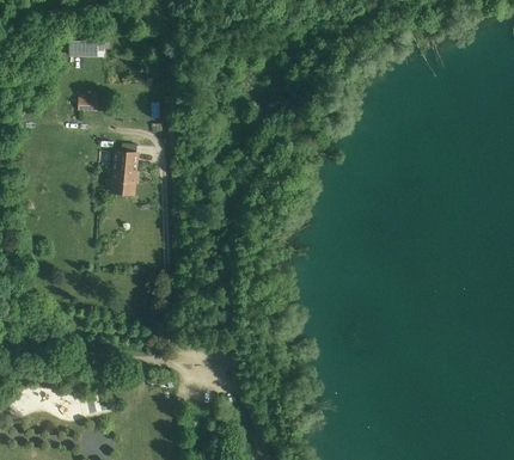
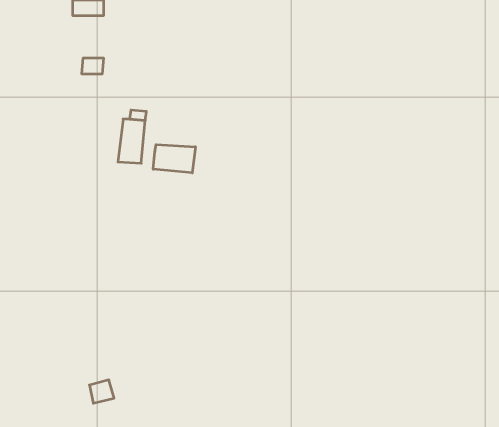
building: none -> [153,145,195,173]

